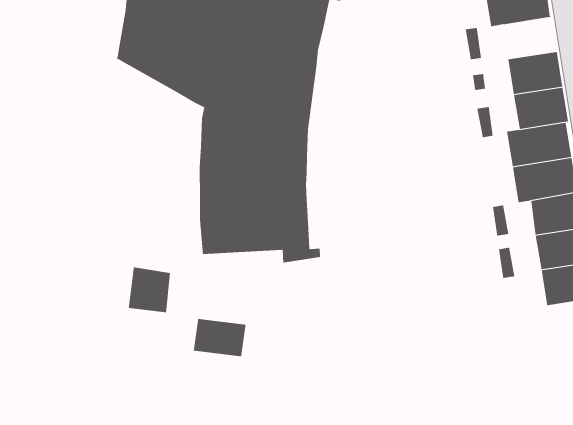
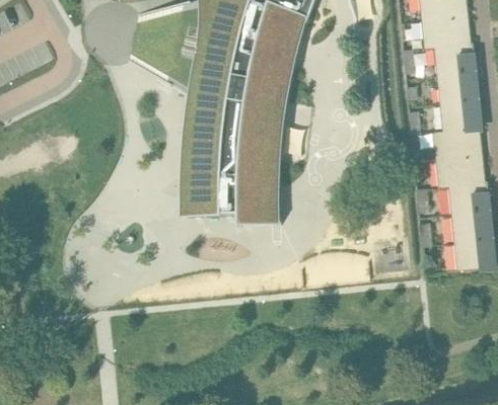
building: none -> [434,43,477,74]
building: [128,266,171,313] -> none
building: [193,318,246,357] -> none

